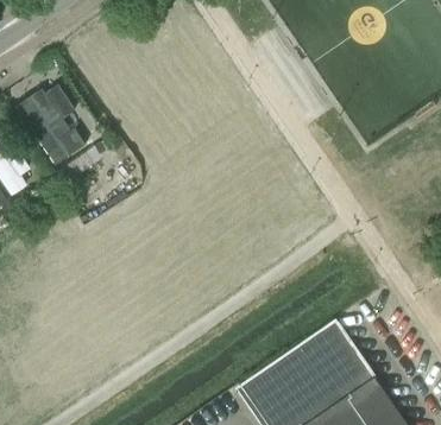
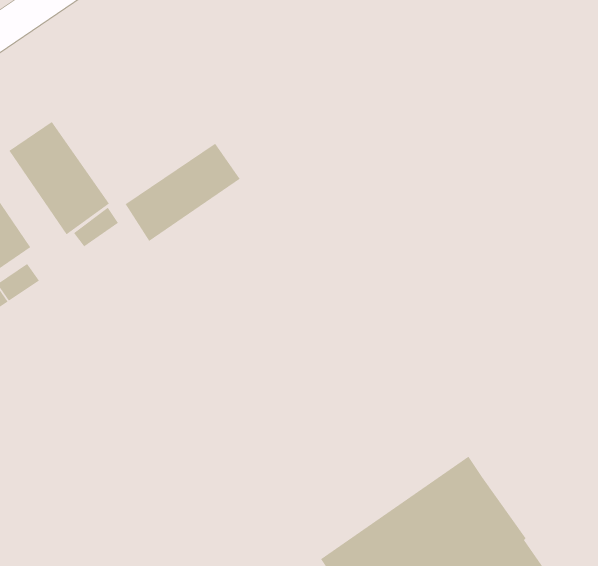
building: none -> [125,143,241,242]

